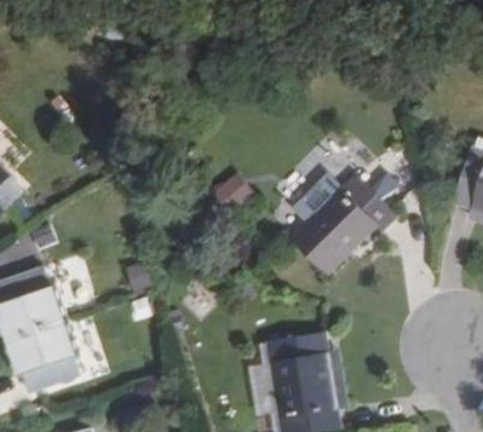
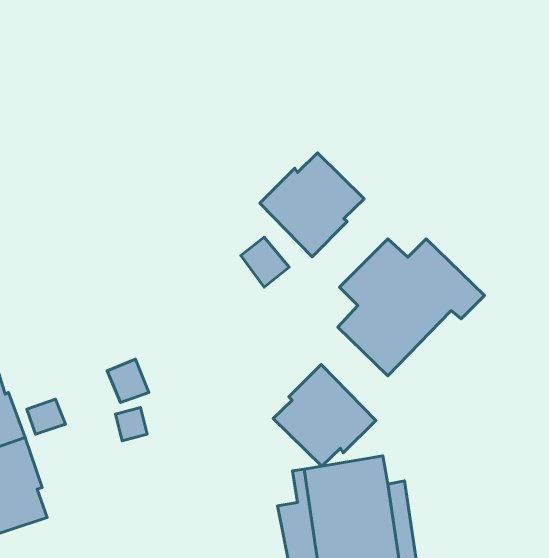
building: none -> [260,153,364,257]
building: none -> [273,365,376,466]

